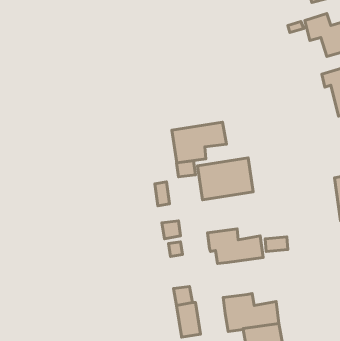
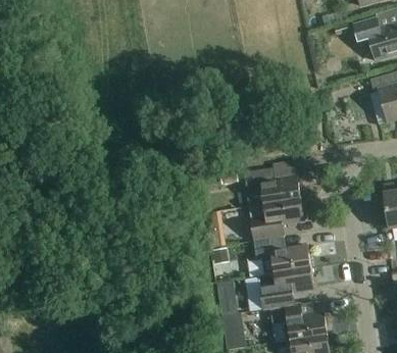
building: [172,122,227,163] -> [248,199,304,241]
building: none -> [259,266,314,308]

